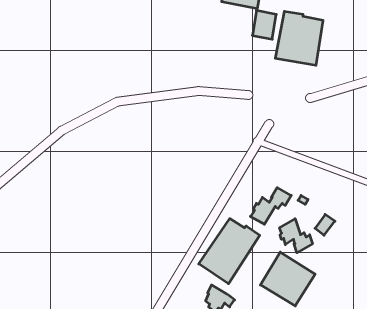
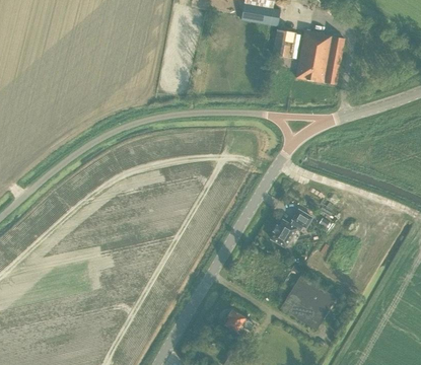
building: [199,219,260,284] -> none
building: [280,219,312,253] -> none

